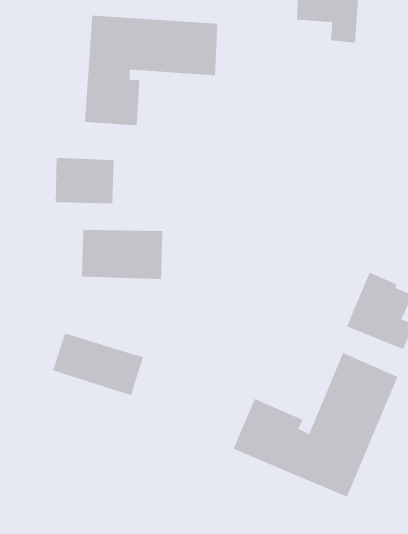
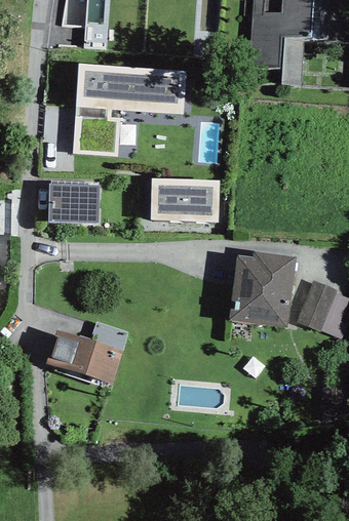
building: [81,229,163,279] -> [150,178,219,221]
building: none -> [230,250,296,326]
building: [233,352,398,497] -> none

